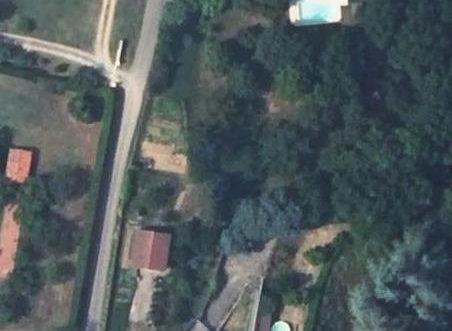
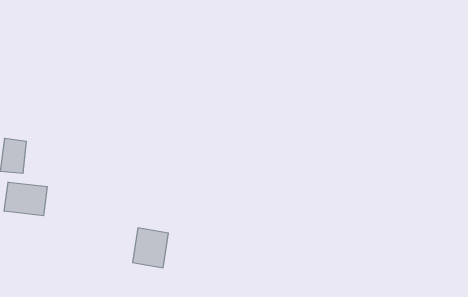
building: none -> [4,182,47,216]

